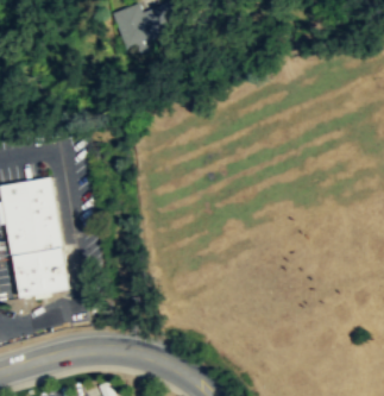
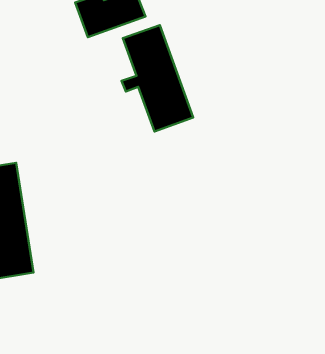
building: none -> [121,25,193,131]

